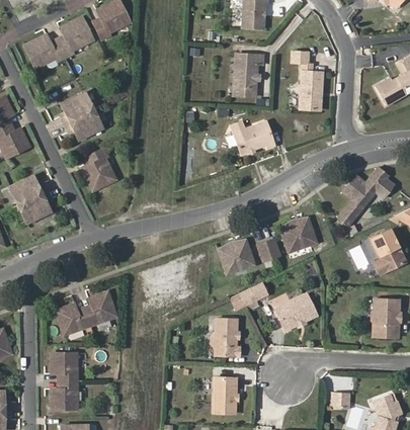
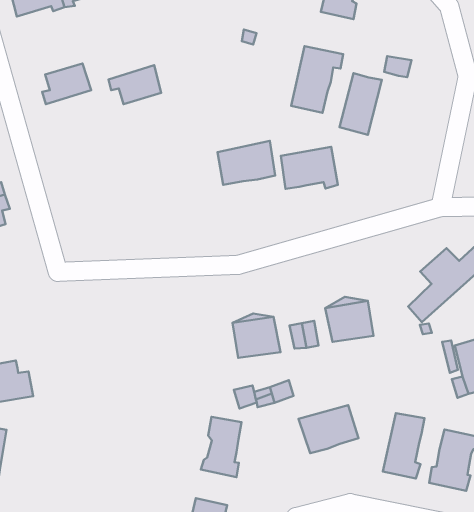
building: [300,69,323,109] -> [339,73,382,135]
building: [65,109,102,140] -> [109,65,161,104]
building: none -> [217,141,275,185]
building: [82,149,115,190] -> none
building: [85,291,117,326] -> none
building: none -> [383,413,425,479]

